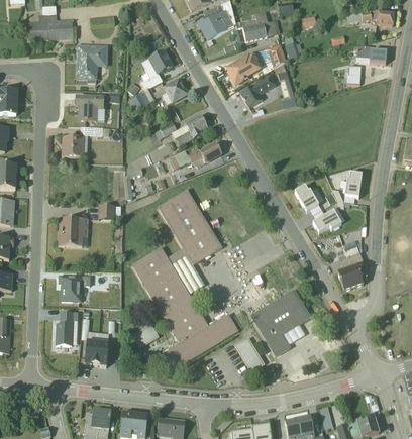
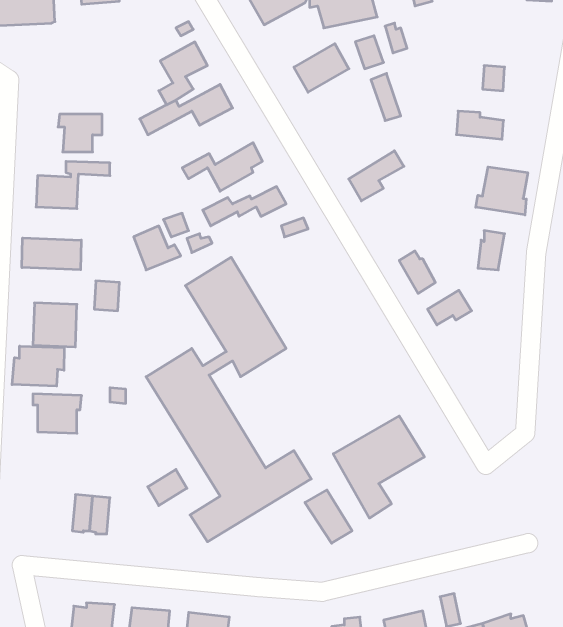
building: [355,44,386,63] -> [456,111,504,139]
building: [76,45,107,82] -> none
building: [240,74,276,106] -> [349,151,404,201]
building: none -> [476,167,528,215]
building: none -> [22,238,81,270]
building: [330,238,363,290] -> none
building: none -> [12,346,64,386]
building: [57,312,76,345] -> none

